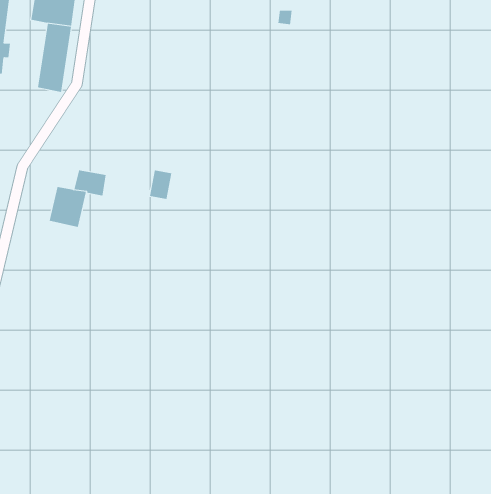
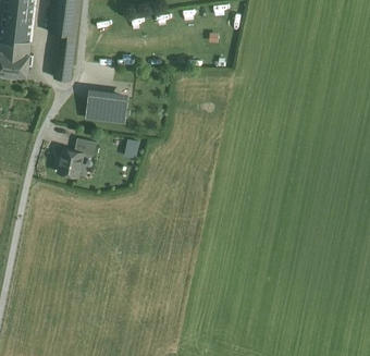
building: none -> [85,94,128,120]

